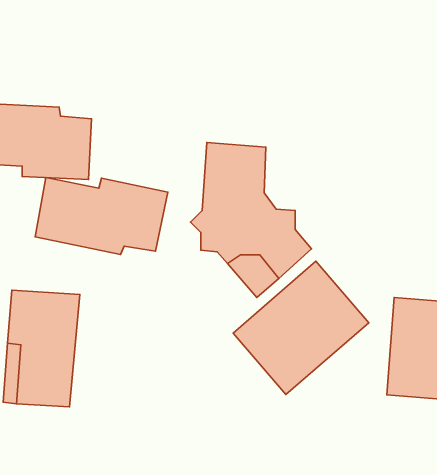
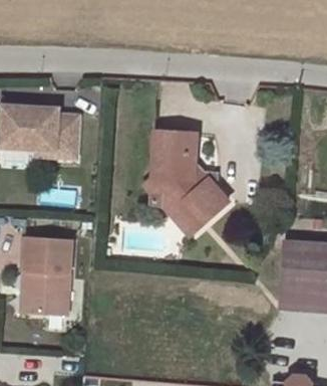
building: [35,178,168,254] -> none
building: [233,261,369,394] -> none

